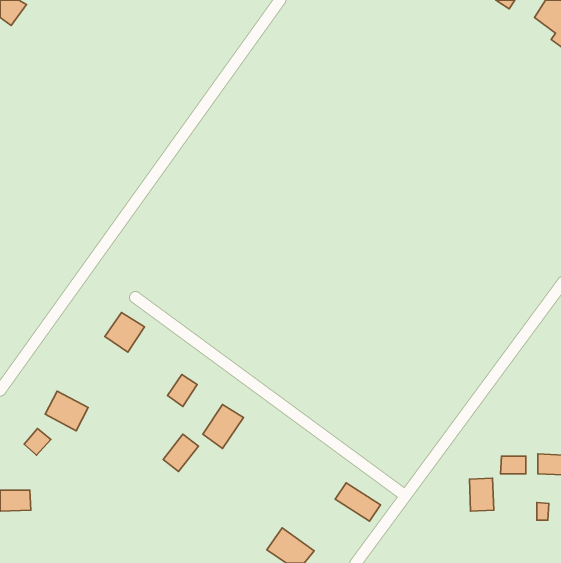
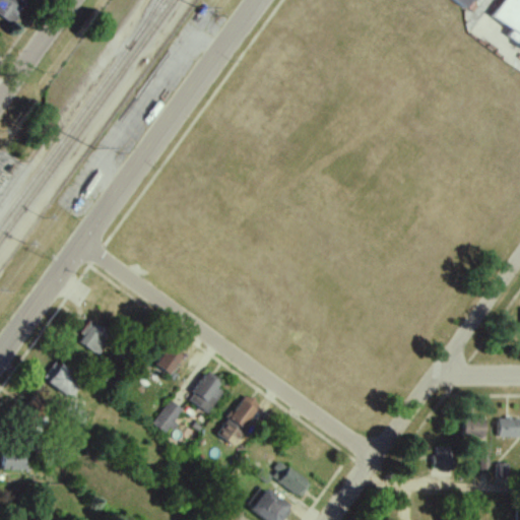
building: [105,312,145,352] -> [77,319,114,355]
building: none -> [217,395,262,446]
building: [335,483,380,521] -> [270,462,312,498]

